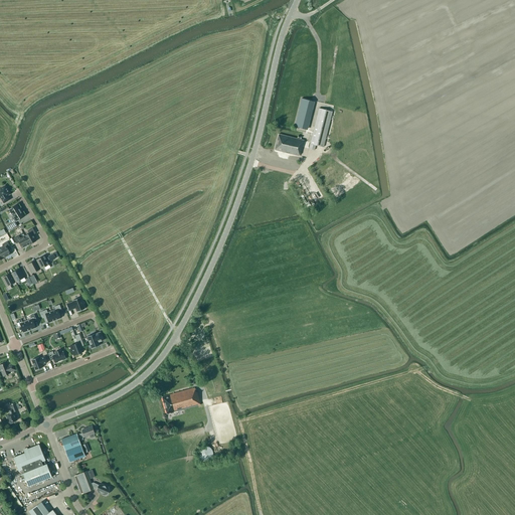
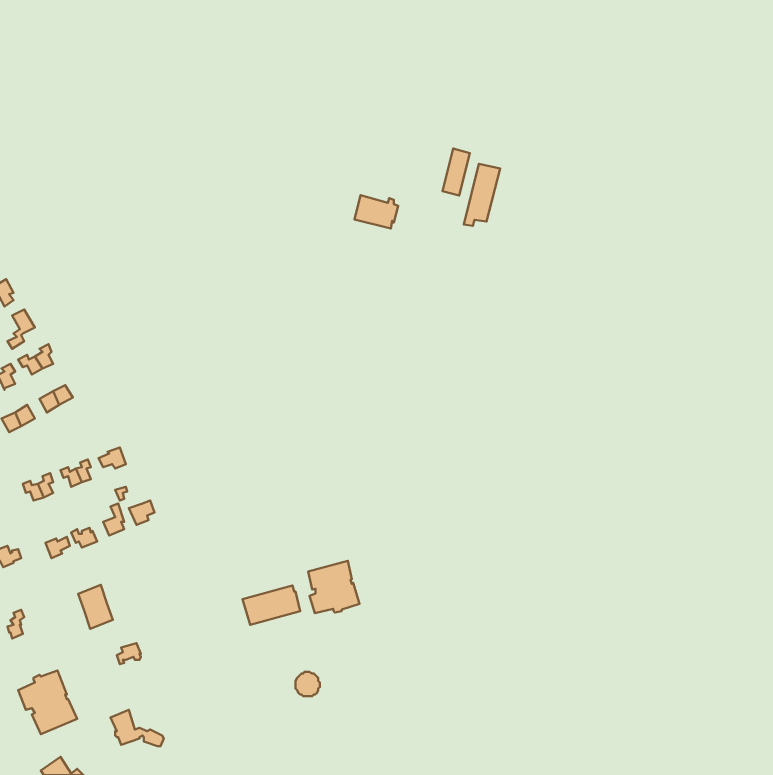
building: [274,134,303,156] -> [354,195,398,229]
building: none -> [308,561,360,613]
building: [60,434,83,463] -> [78,585,113,629]

